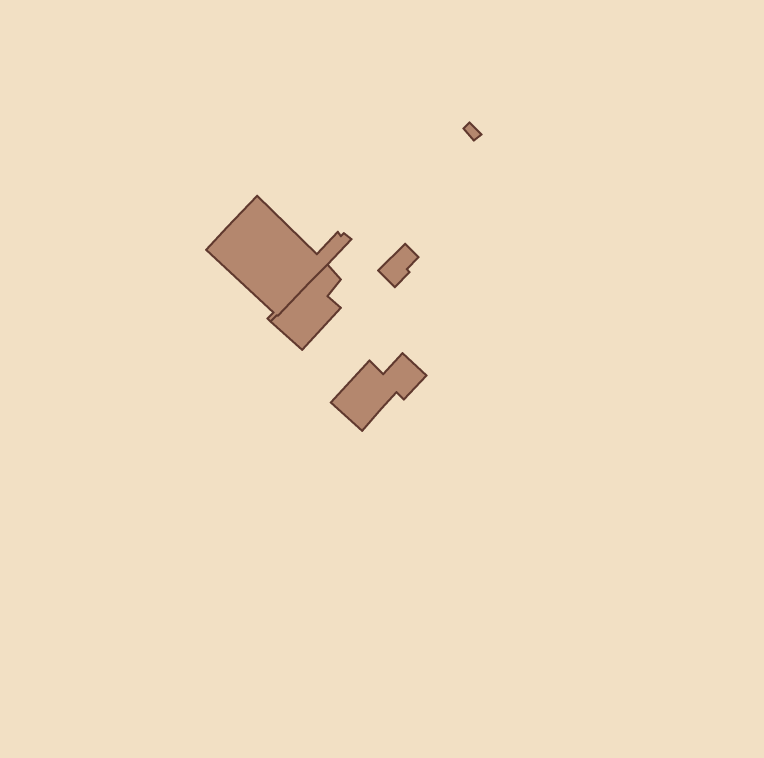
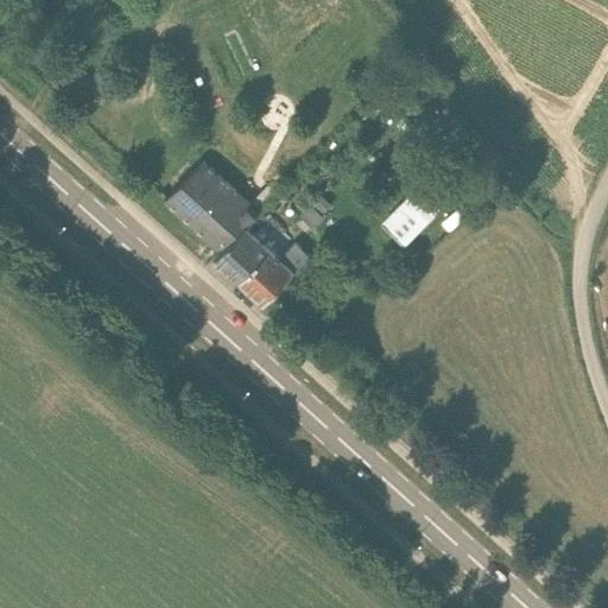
building: none -> [384,200,426,247]
building: [331,353,426,431] -> [240,243,316,305]

